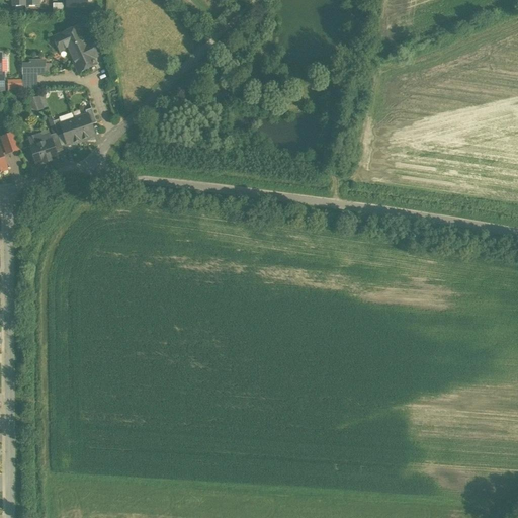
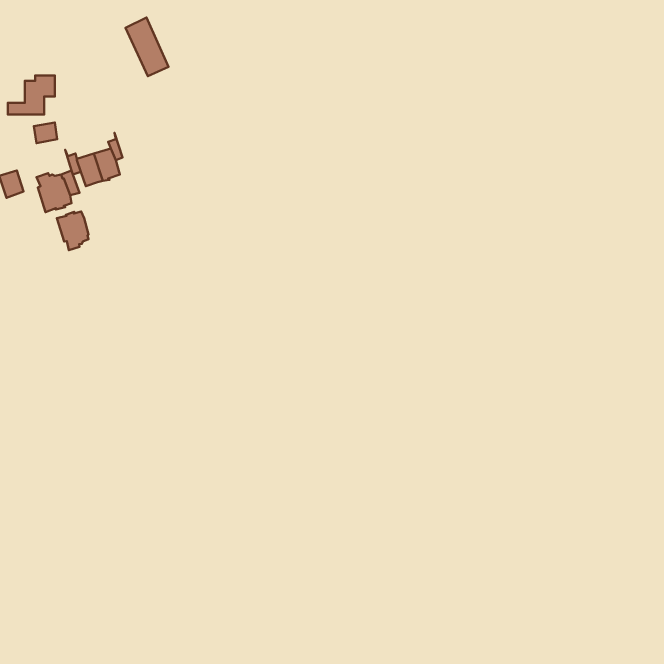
building: [61,26,94,72] -> [126,17,169,76]
building: none -> [57,211,89,250]

